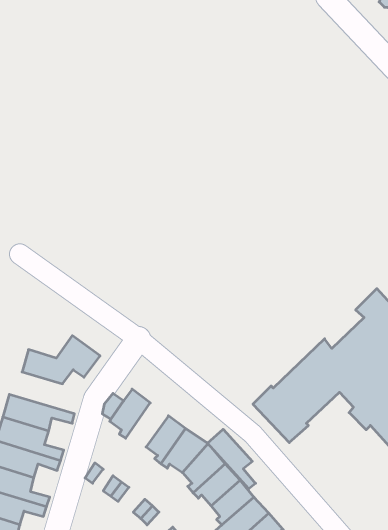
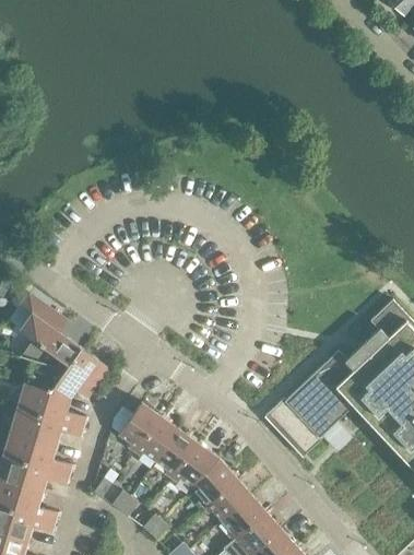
building: none -> [21,294,81,371]
building: none -> [16,383,86,428]
building: none -> [135,417,179,462]
building: [208,429,256,489] -> none

